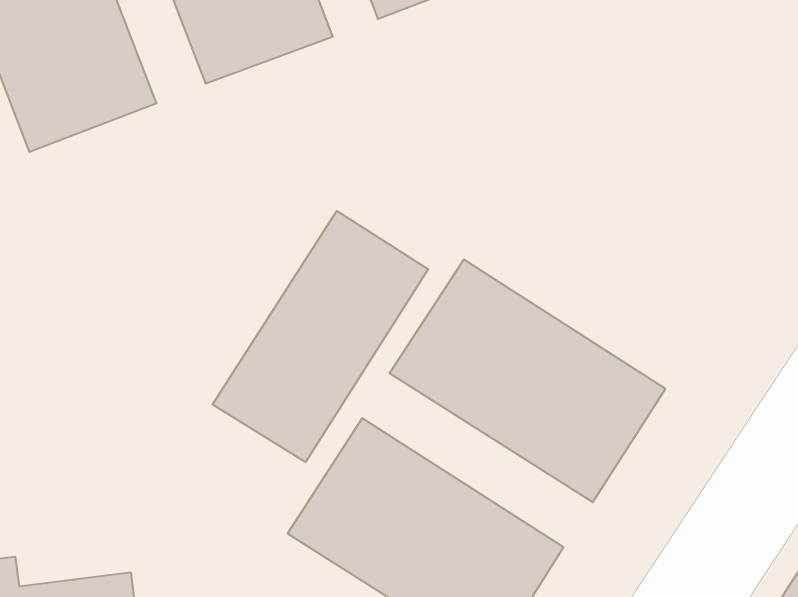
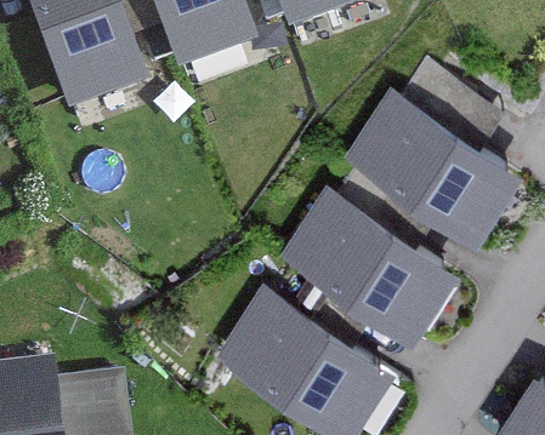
building: none -> [348,86,520,236]
building: [213,211,428,462] -> none

